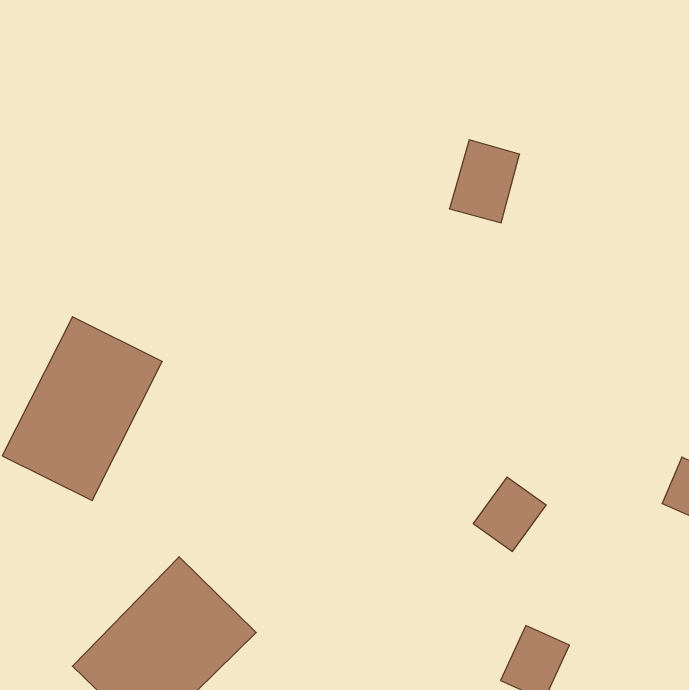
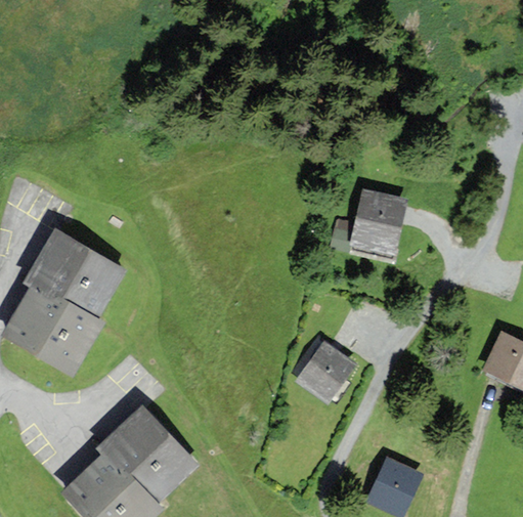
building: [449,140,520,223] -> [352,190,403,251]
building: [473,477,546,551] -> [301,347,354,401]

